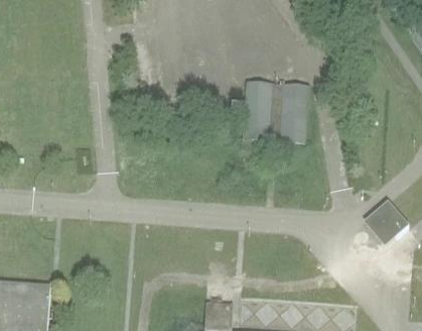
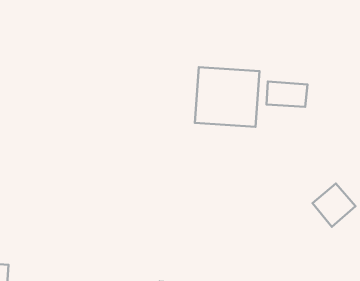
building: none -> [266,81,307,107]

